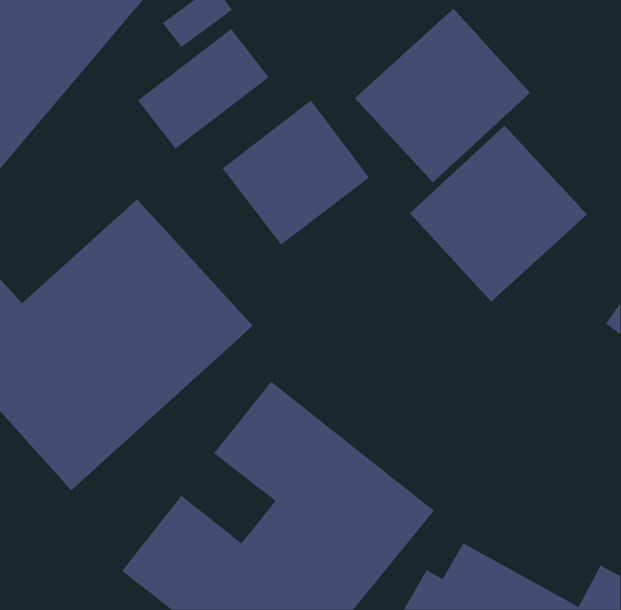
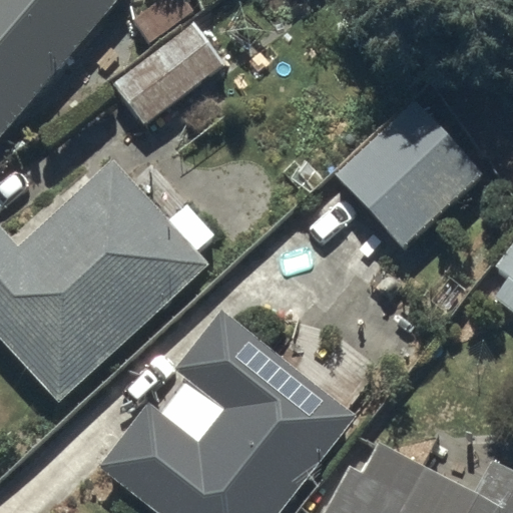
building: [354,8,531,183] -> none
building: [222,99,370,246] -> none

